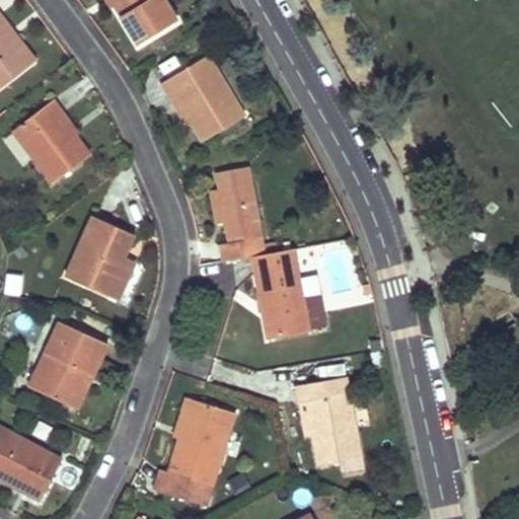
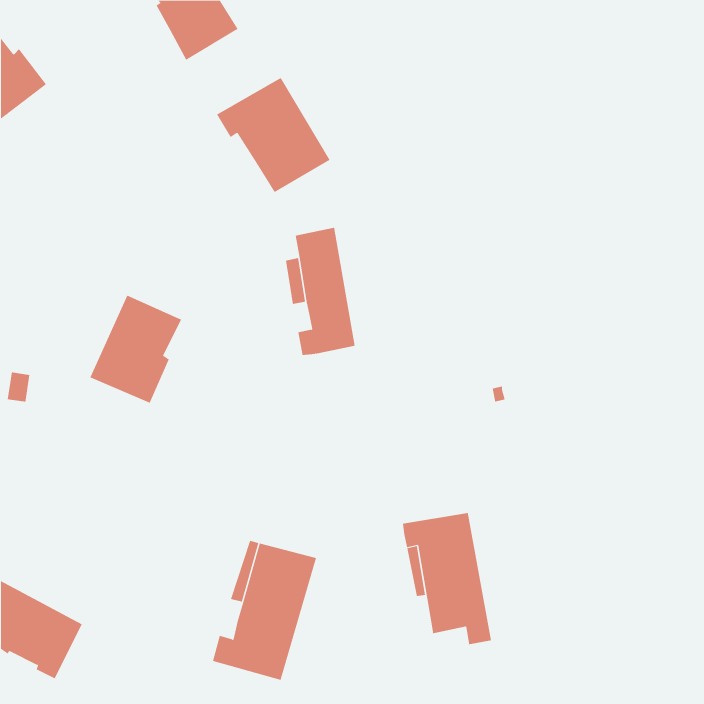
building: [12,100,89,183] -> none
building: [252,248,324,339] -> none
building: [29,322,106,404] -> none

